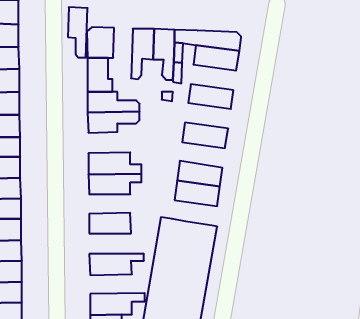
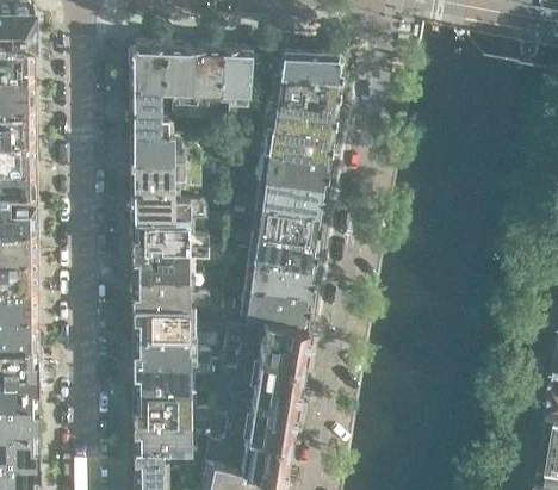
building: [68,7,88,58] -> [166,51,193,122]
building: none -> [274,103,337,138]
building: none -> [266,156,330,192]
building: none -> [131,197,203,227]
building: none -> [259,211,322,247]
building: none -> [132,284,206,311]
building: none -> [248,292,311,328]
building: none -> [132,339,209,367]
building: none -> [134,396,210,423]

